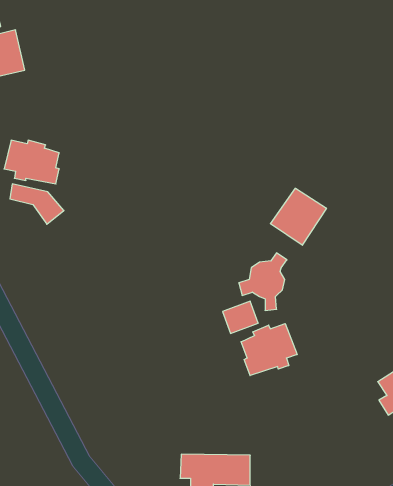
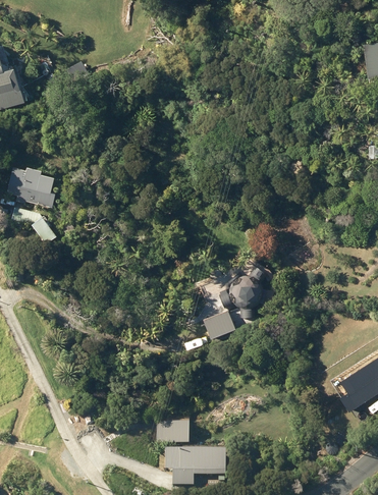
building: [270,188,326,245] -> none
building: [241,324,297,376] -> none
building: none -> [157,420,190,443]

